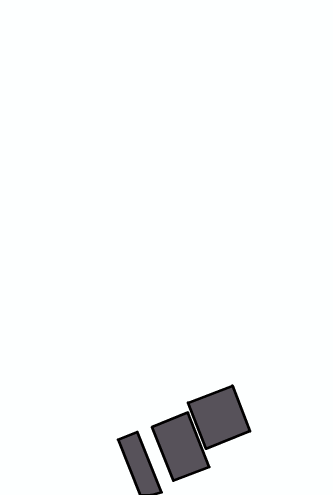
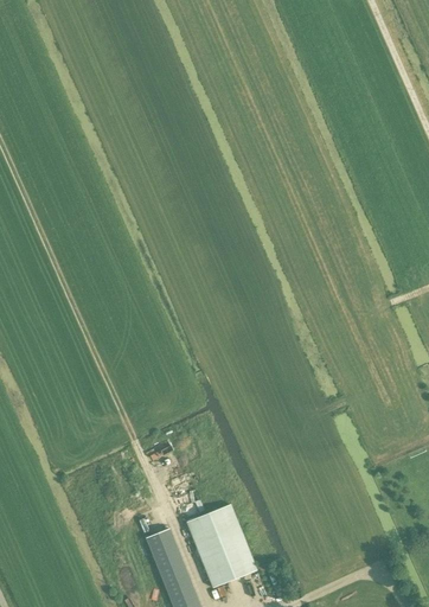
building: [188,386,250,449] -> none

